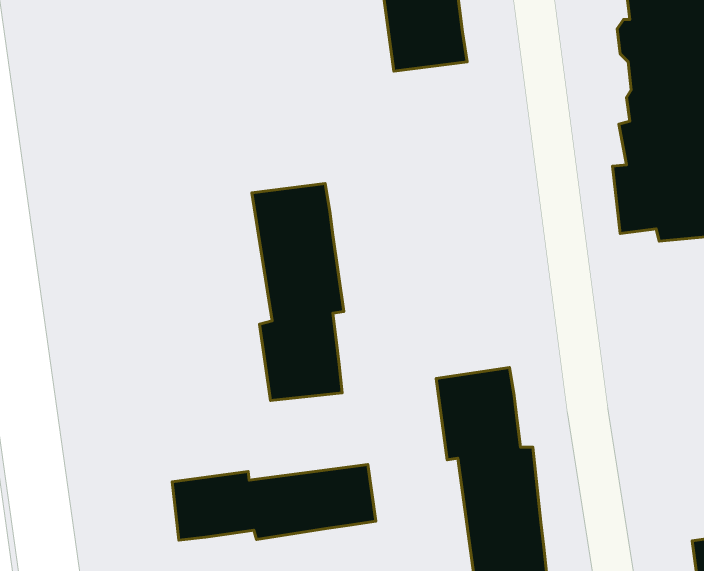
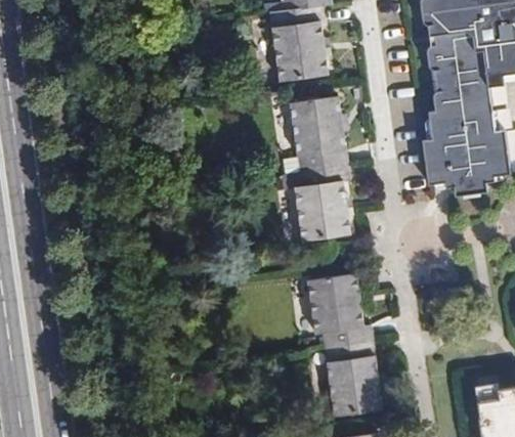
building: [252,184,344,401] -> [290,96,350,238]
building: [172,464,376,540] -> none

